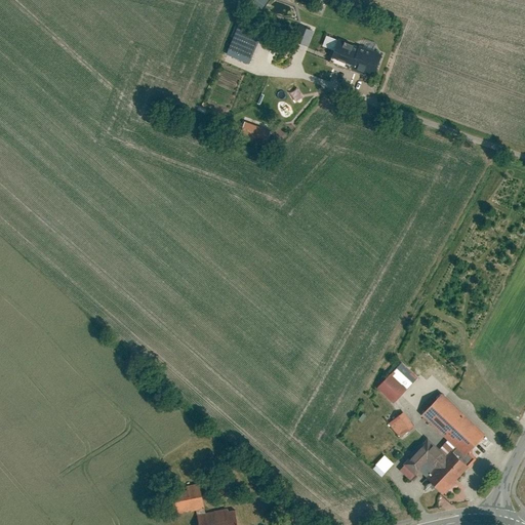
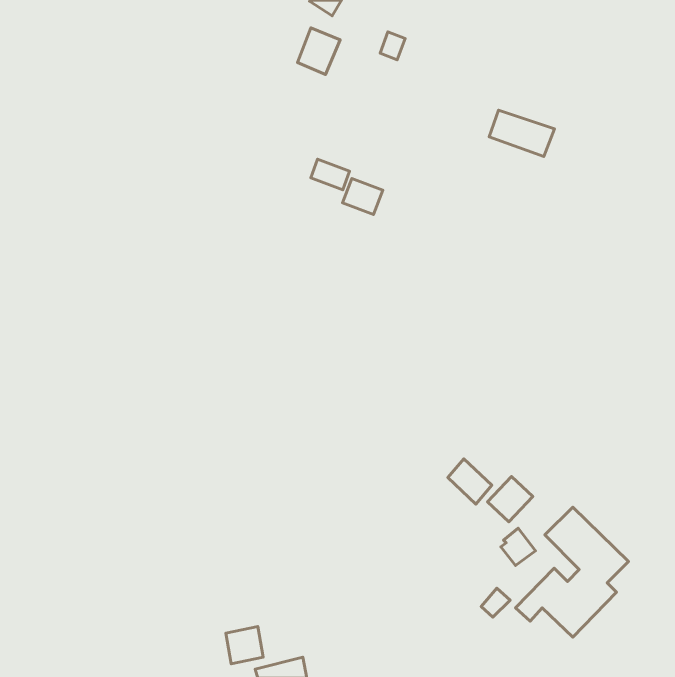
building: [331,40,381,76] -> [489,110,554,157]
building: none -> [342,178,383,215]
building: none -> [448,459,492,504]

